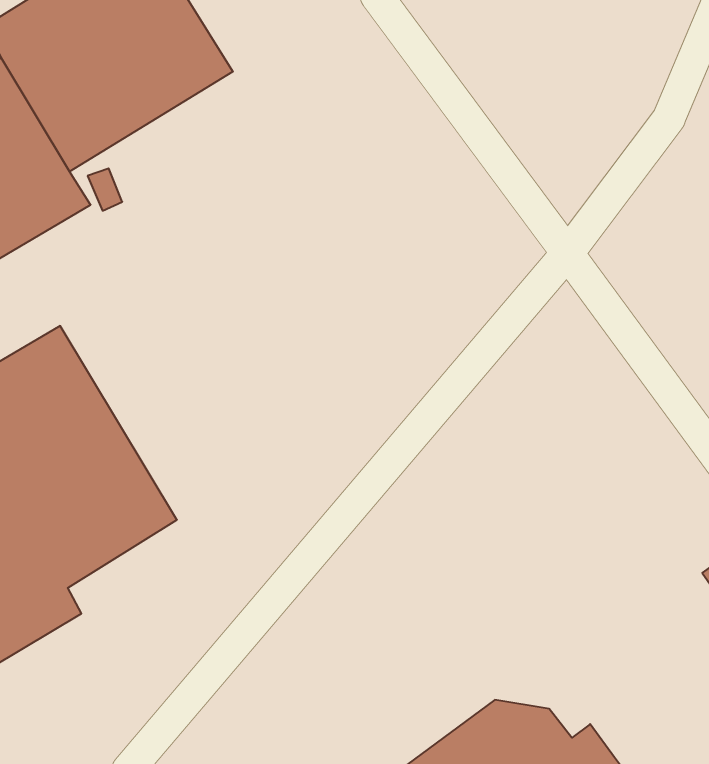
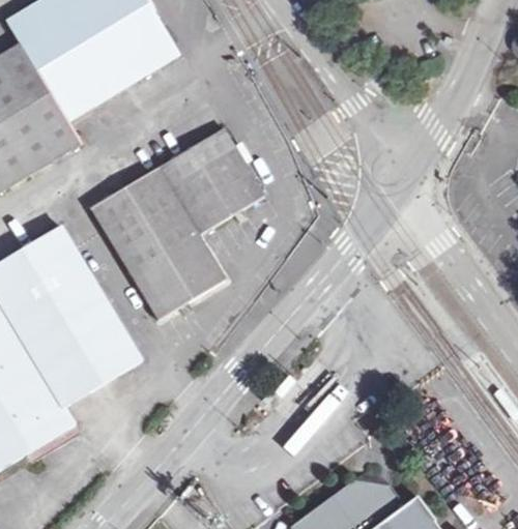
building: none -> [91,128,262,316]

